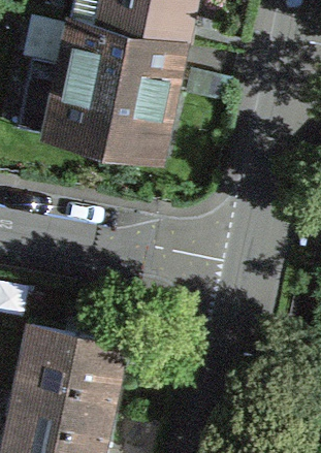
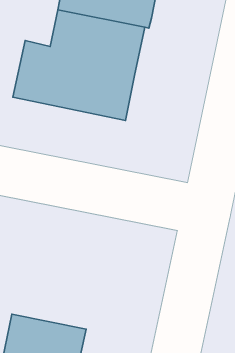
building: [17,325,123,417] -> none

